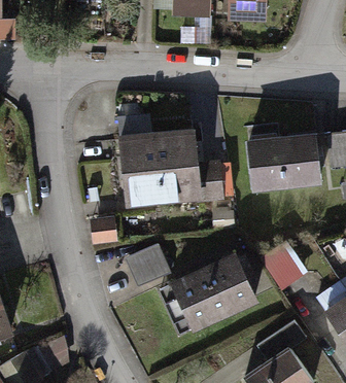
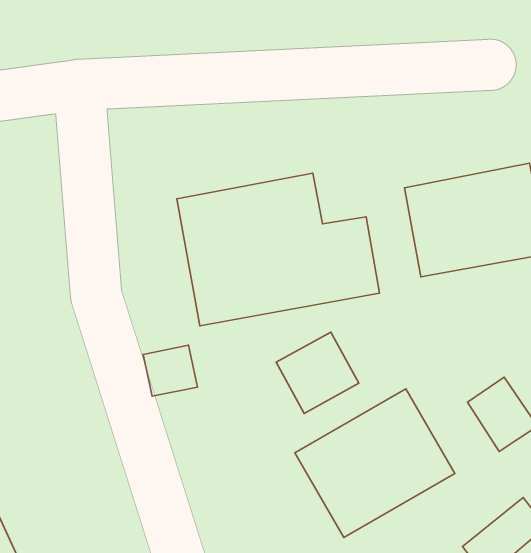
building: [128,244,173,288] -> [276,332,359,413]

